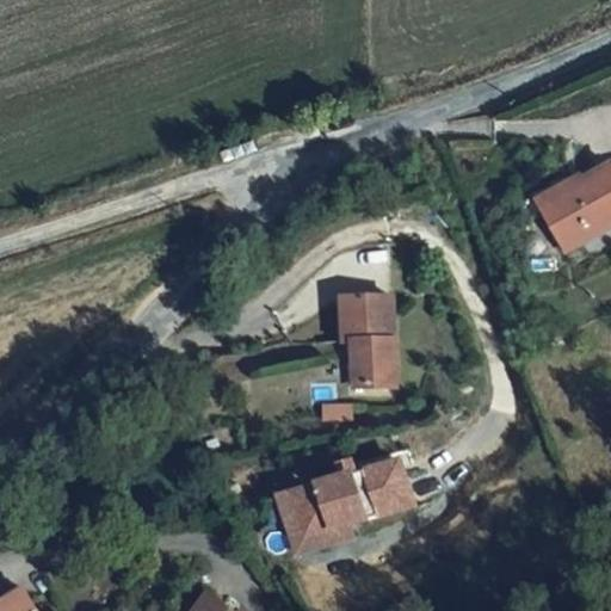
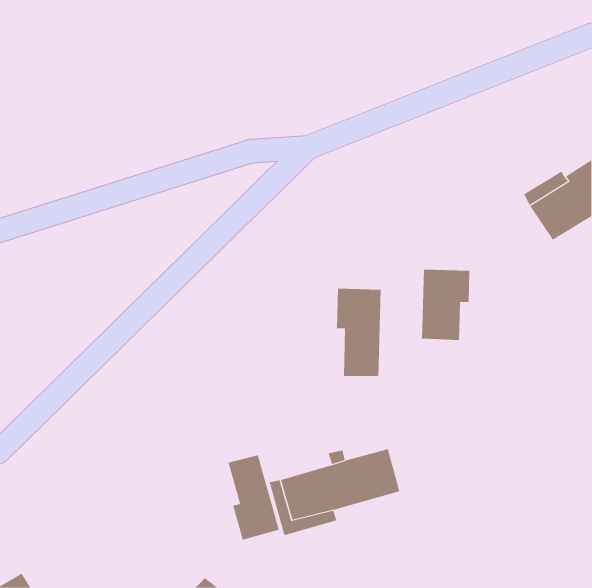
building: none -> [421,269,470,341]
building: none -> [228,454,280,541]

